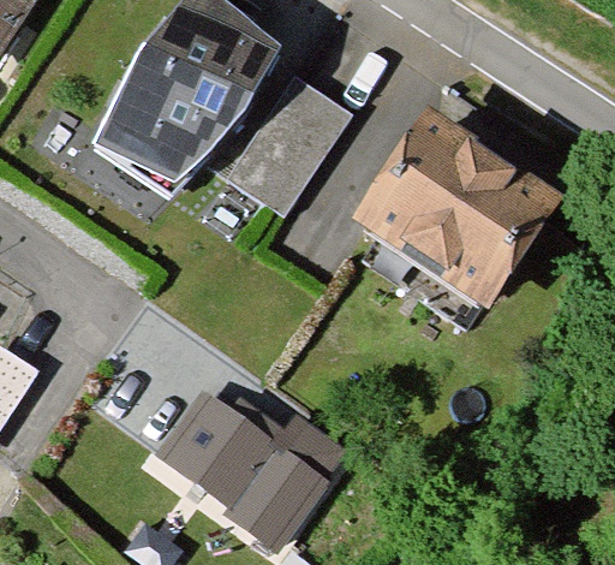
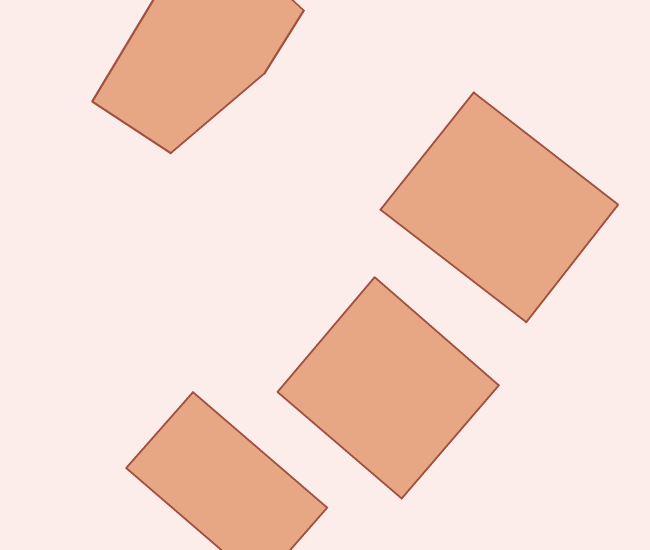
building: [232,77,347,206] -> none
building: none -> [278,277,499,499]

